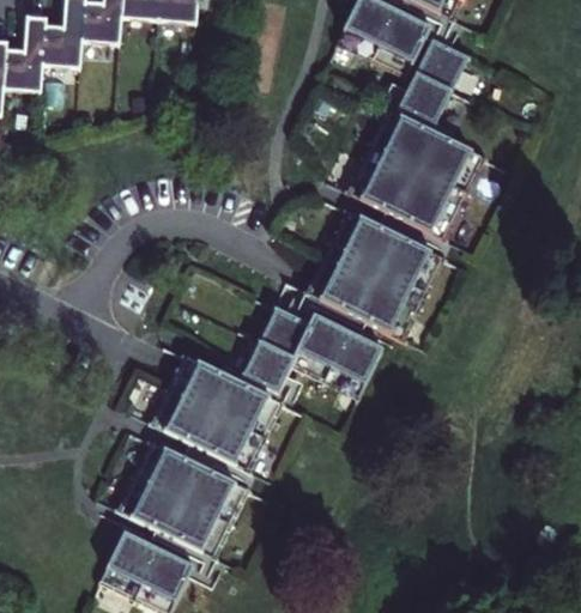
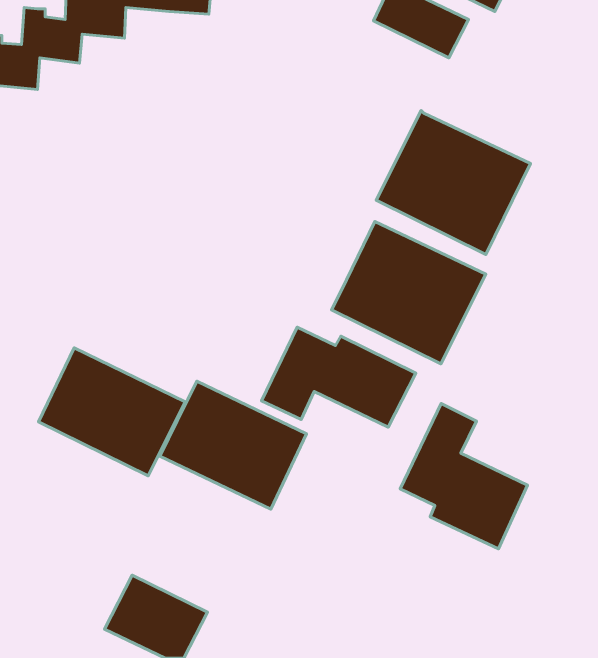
building: [400,38,470,123] -> none
building: none -> [400,404,528,549]
building: [117,438,250,554] -> [39,348,185,476]

